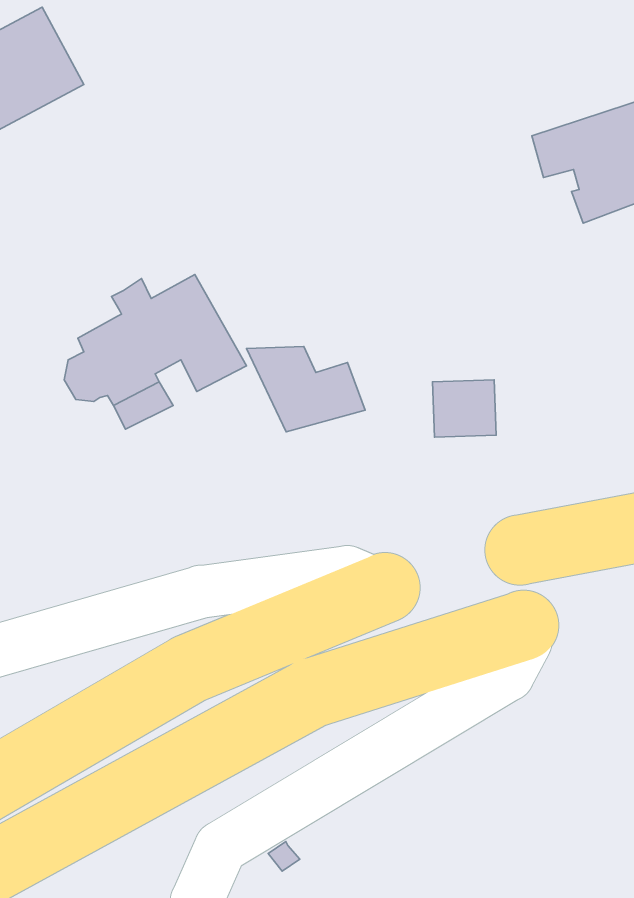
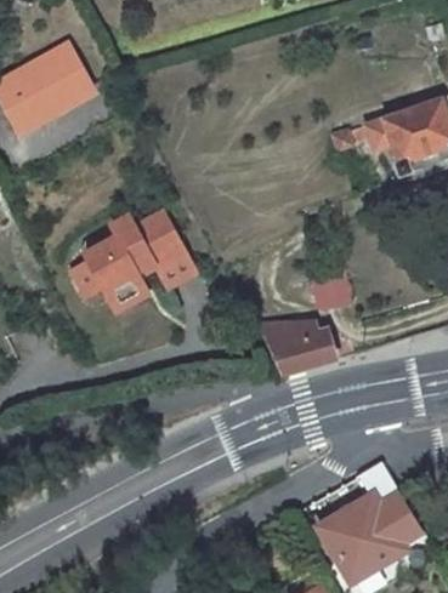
building: [246,347,365,432] -> [256,323,329,375]
building: none -> [317,495,420,581]

